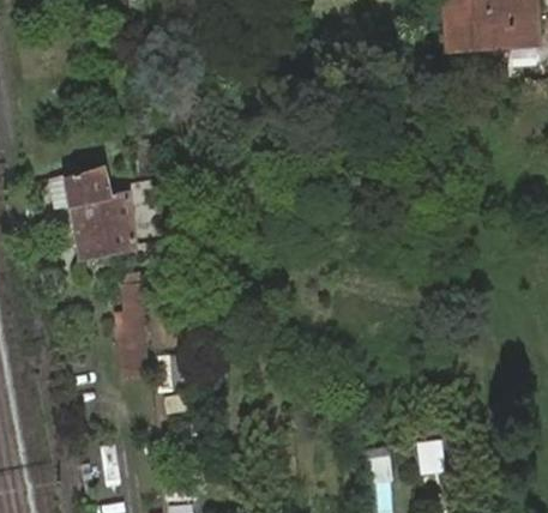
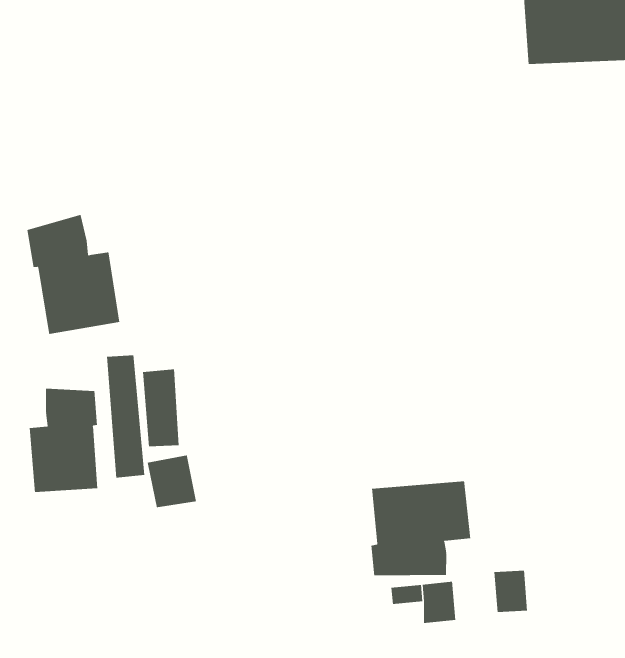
building: none -> [29,388,98,493]
building: none -> [371,481,471,576]

